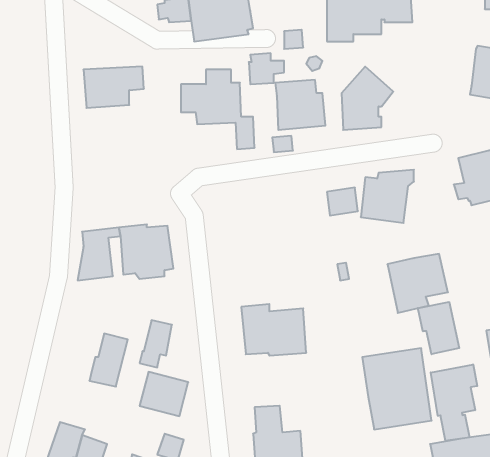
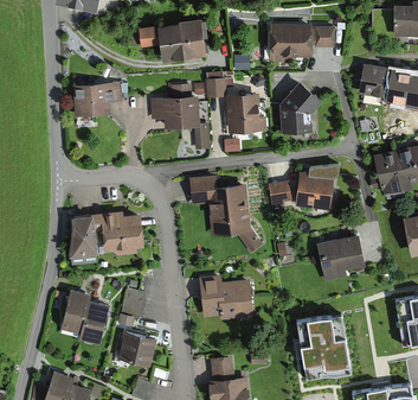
building: none -> [359,65,388,100]
building: none -> [189,176,262,253]
building: [418,302,459,354] -> none
building: none -> [62,288,91,332]
building: [431,364,477,441] -> none

